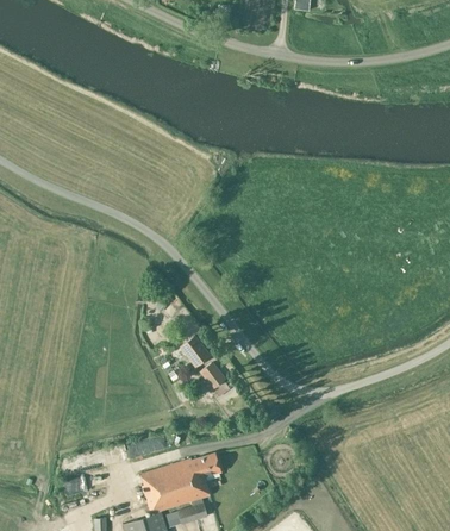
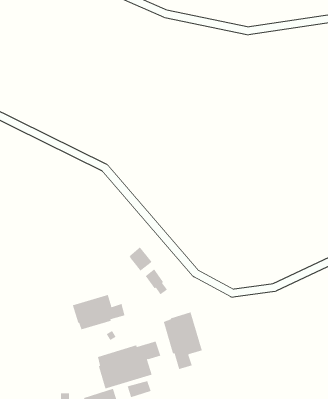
building: none -> [72,294,125,330]
building: none -> [163,312,203,370]

